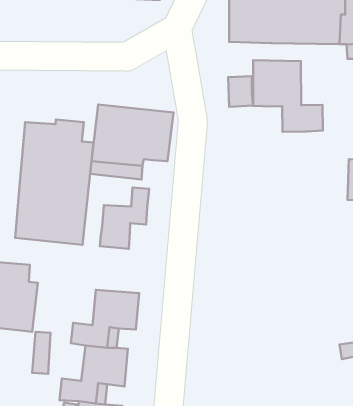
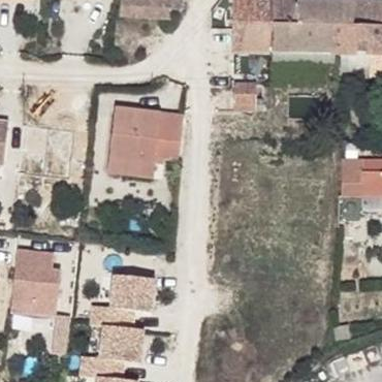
building: [253,60,323,132] -> none
building: [15,119,93,245] -> none
building: [100,188,149,249] -> none

